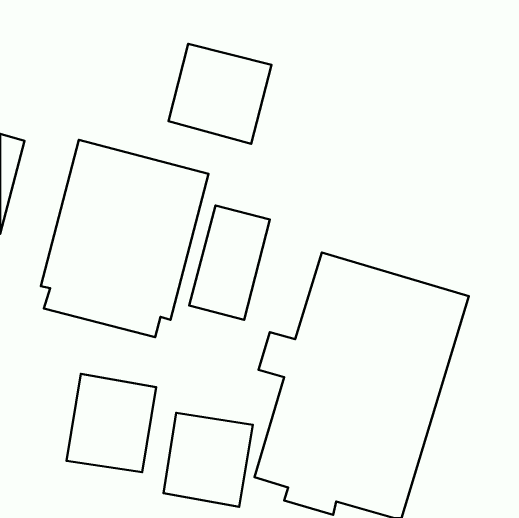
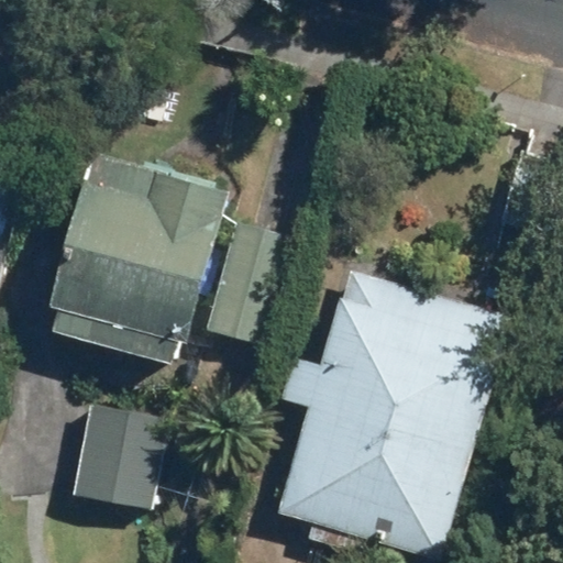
building: [168,44,272,144] -> none
building: [163,413,253,507] -> none

